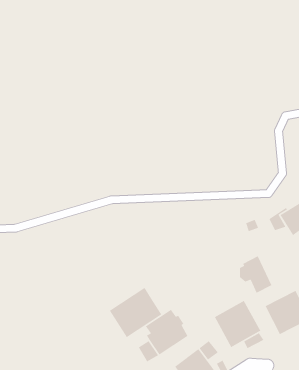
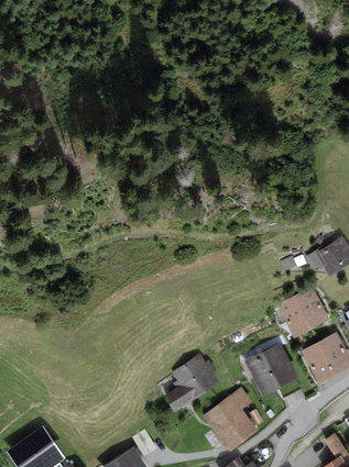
building: none -> [295,288,329,329]
building: [109,287,162,338] -> none

